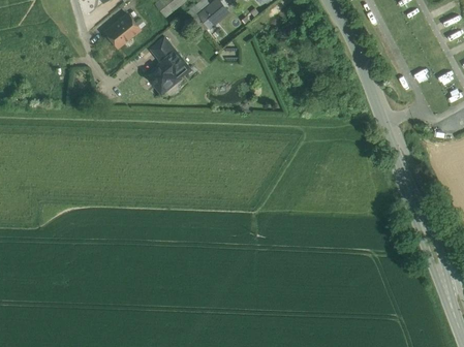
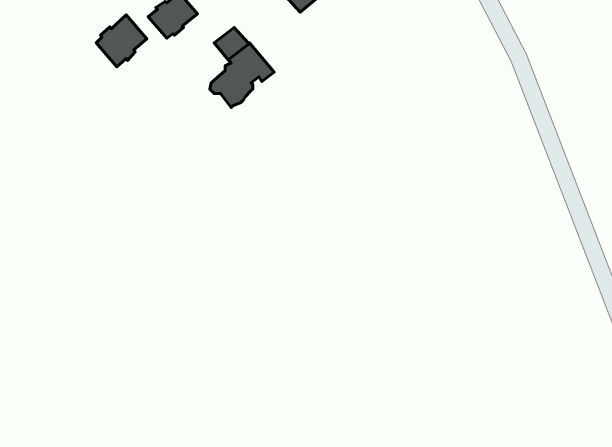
building: none -> [96,15,147,67]

